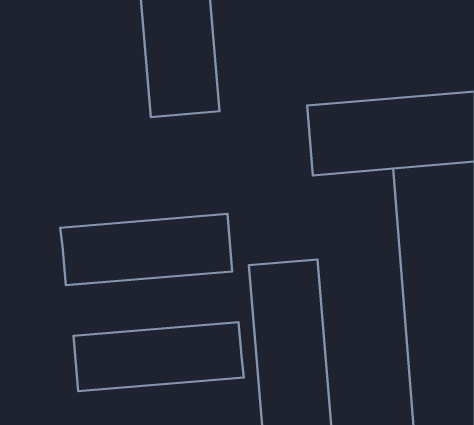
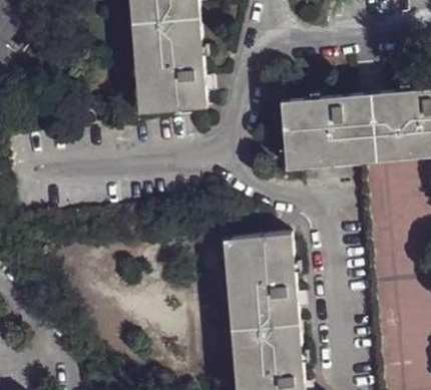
building: [60,214,232,285] -> none
building: [74,322,244,391] -> none

